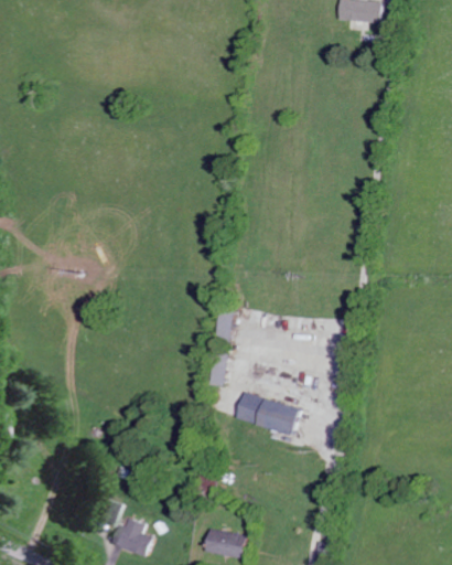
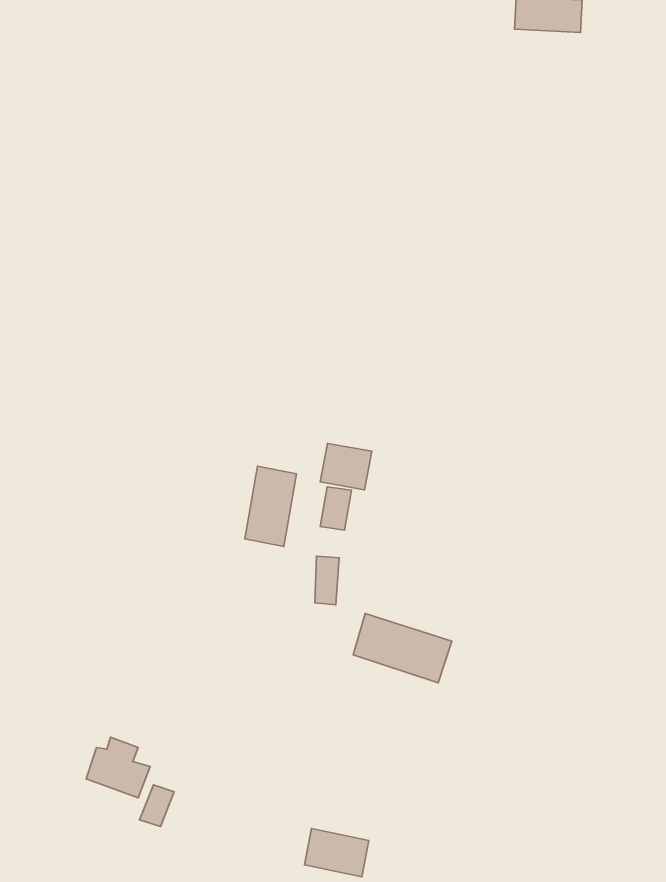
building: none -> [320,444,372,490]
building: none -> [245,466,297,547]
building: [111,518,152,556] -> [86,737,150,798]

